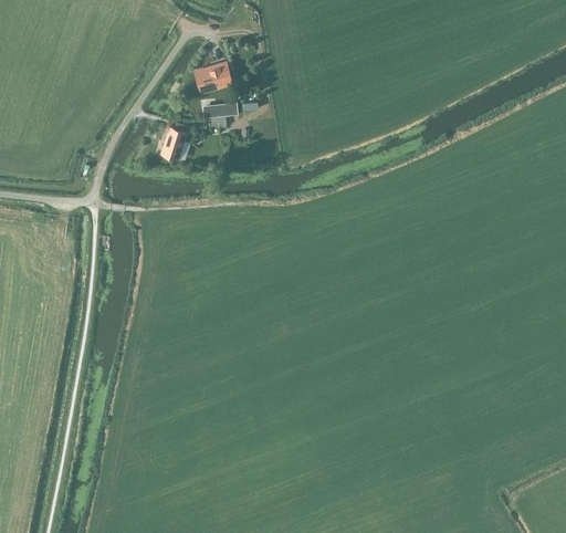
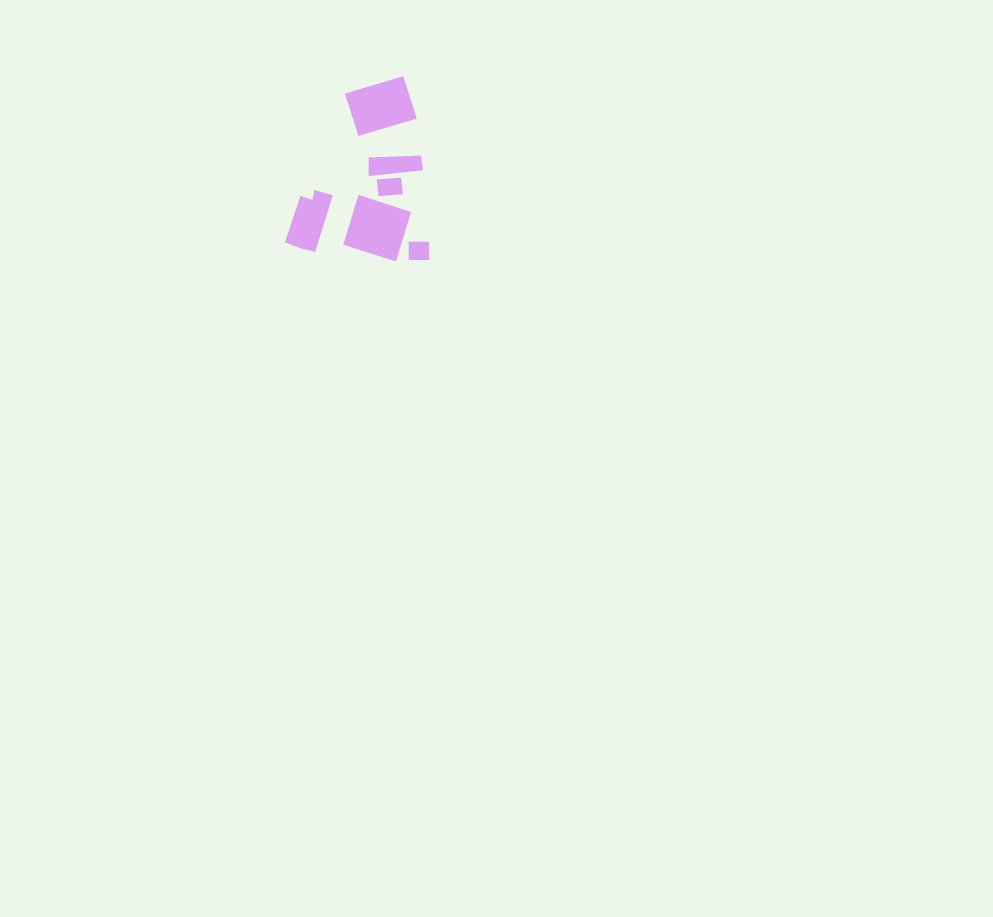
building: none -> [342,194,412,263]

